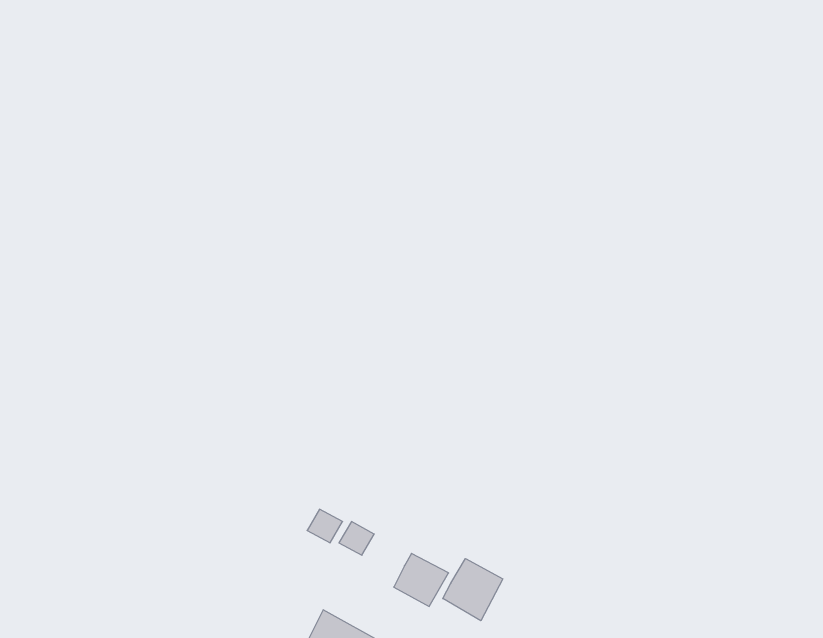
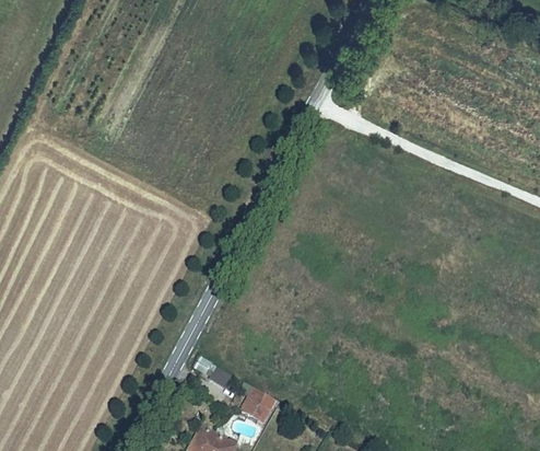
building: [443,559,503,621] -> none

